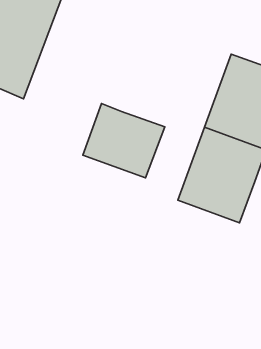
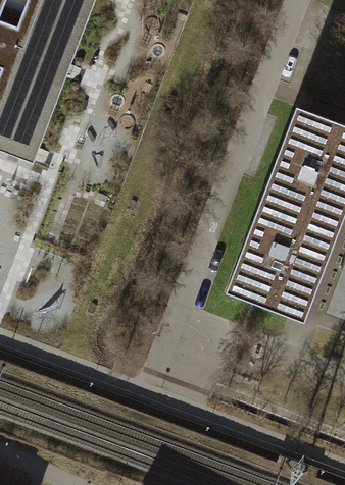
building: [83,104,165,178] -> none

